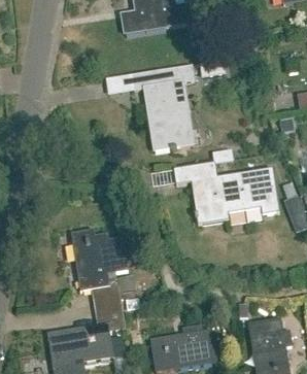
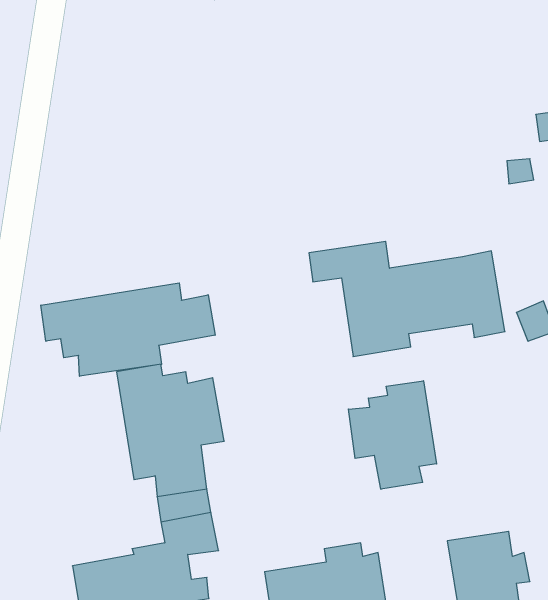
building: [131,65,194,150] -> none
building: none -> [41,283,215,376]
building: none -> [348,381,437,489]

